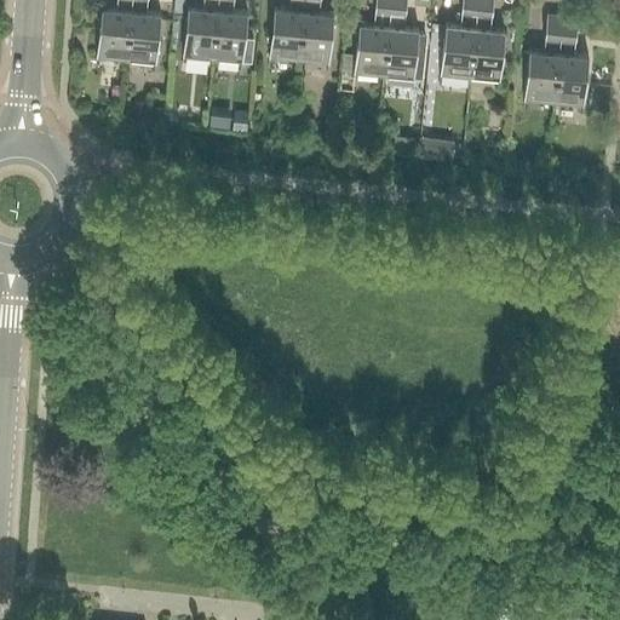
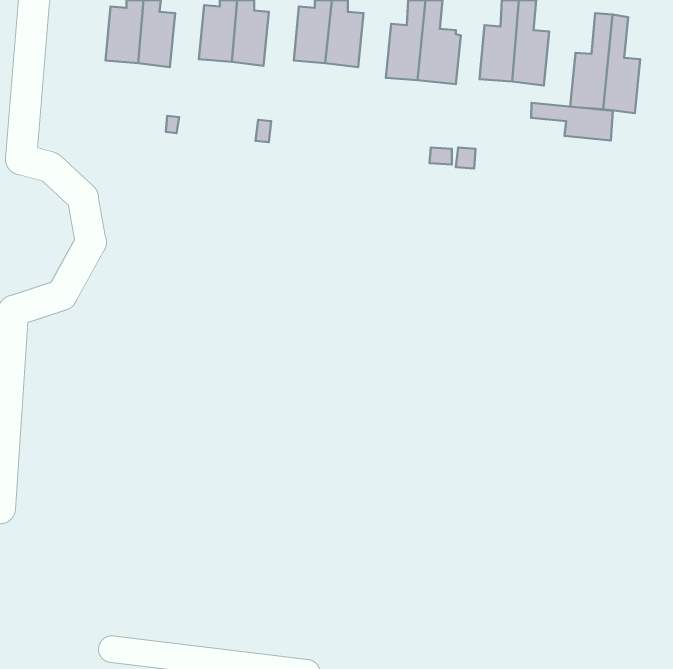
building: none -> [531,103,613,140]

